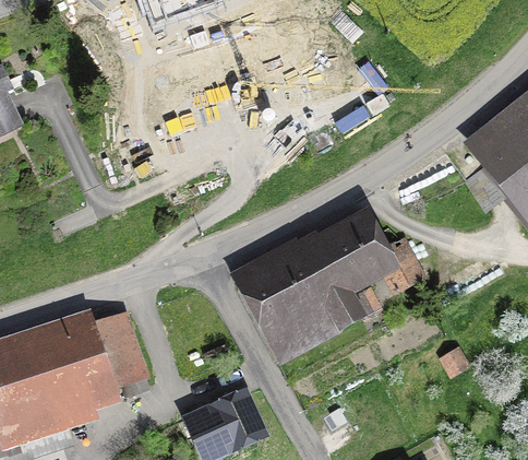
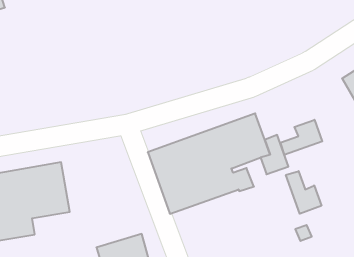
building: none -> [280,120,322,155]
building: none -> [286,171,321,214]

